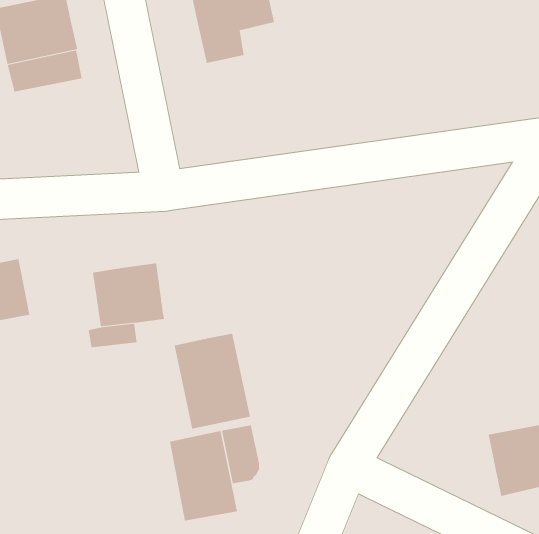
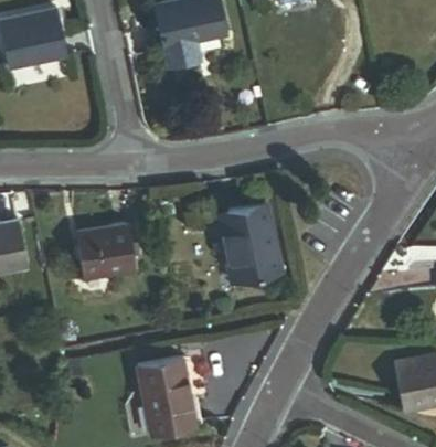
building: [174,333,251,429] -> [217,201,279,278]

